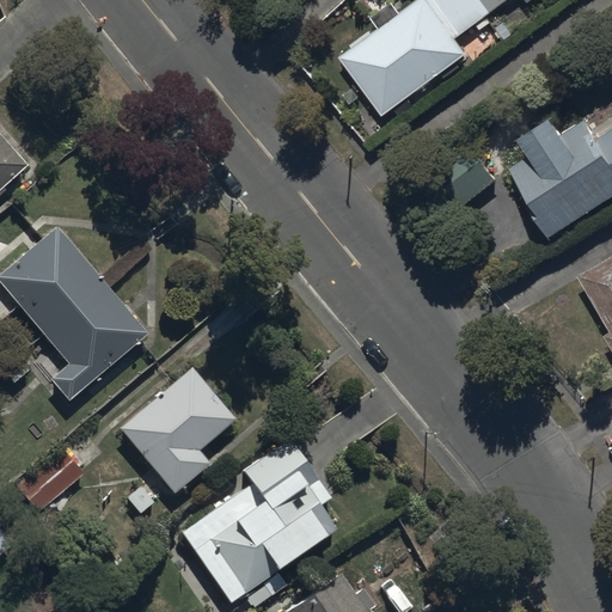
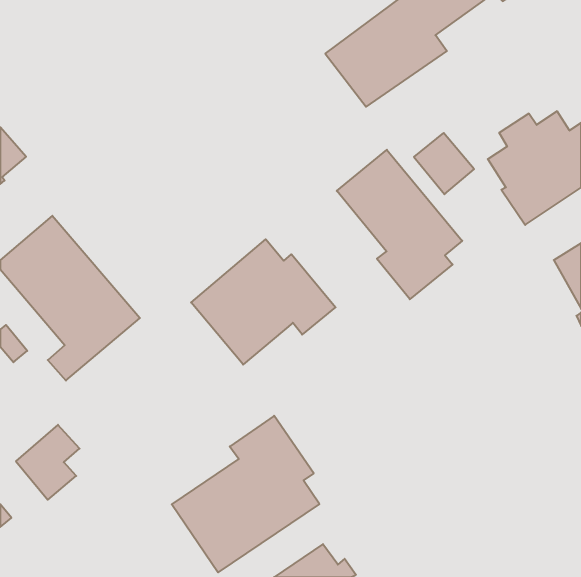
building: none -> [337,150,462,299]
building: none -> [191,239,336,365]
building: [118,367,237,495] -> none

